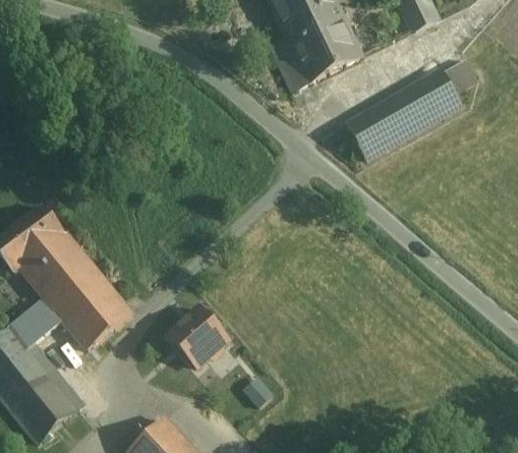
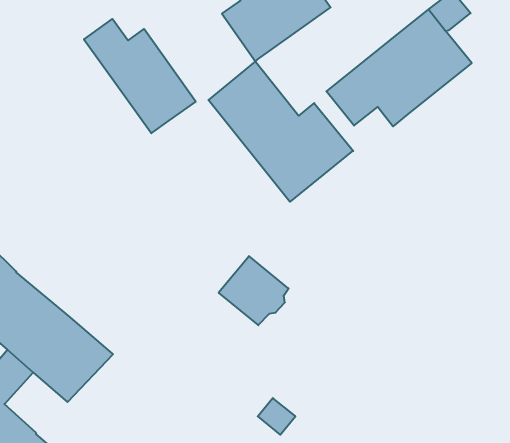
building: none -> [84,19,196,133]
building: none -> [208,62,353,202]
building: [168,307,227,366] -> [219,256,289,325]

